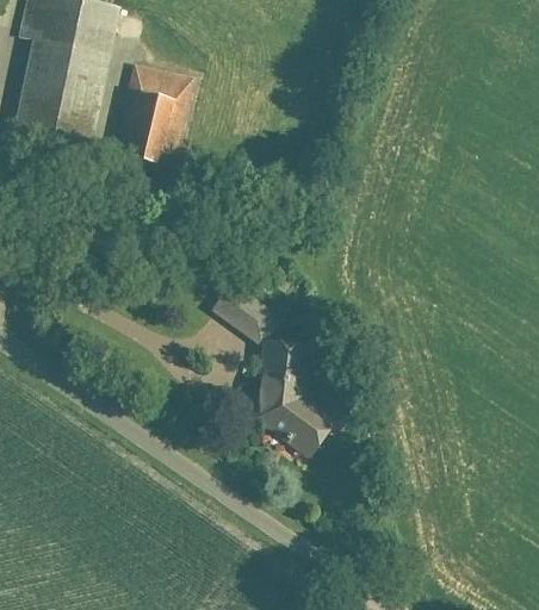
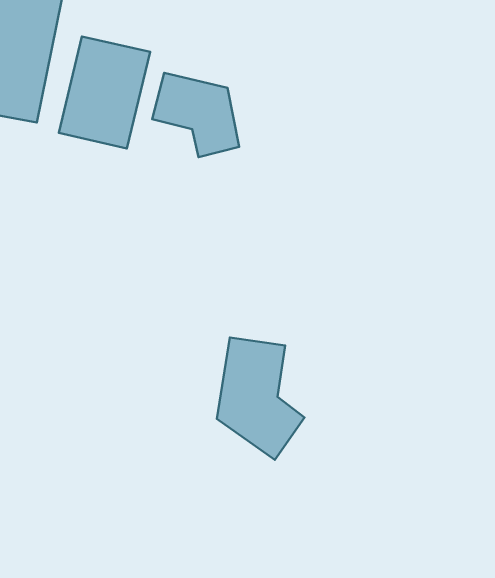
building: none -> [152,73,239,157]
building: [210,279,277,341] -> none

